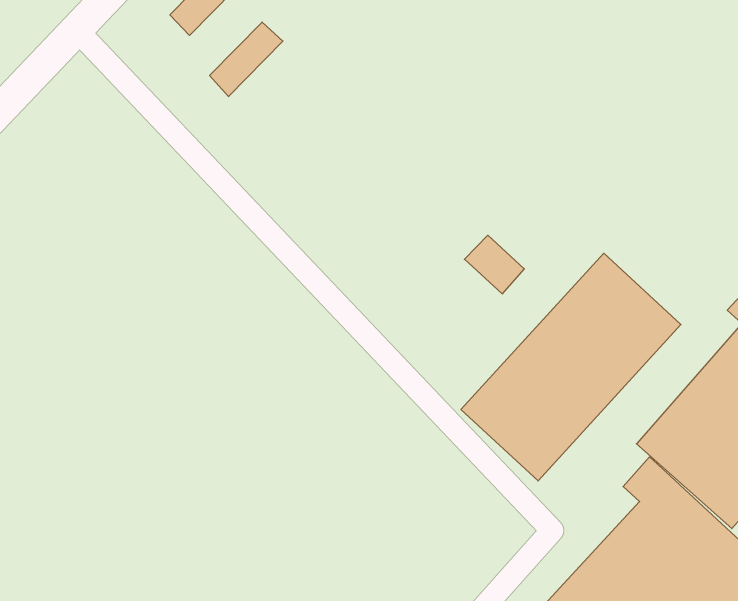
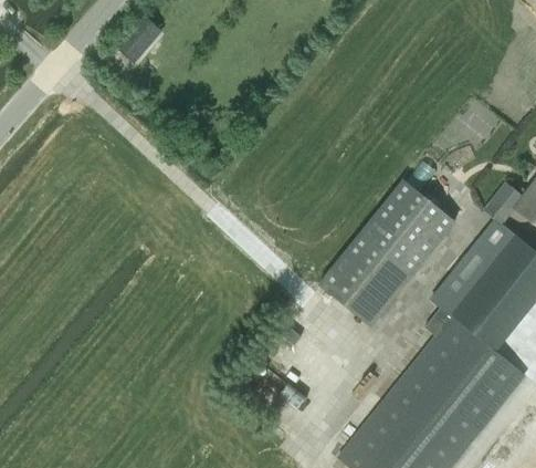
building: [210,22,283,97] -> none
building: [464,235,524,294] -> none

